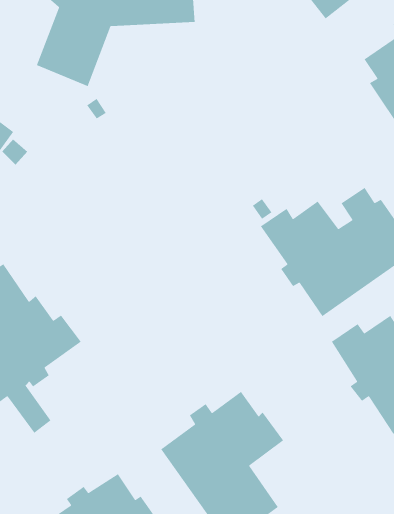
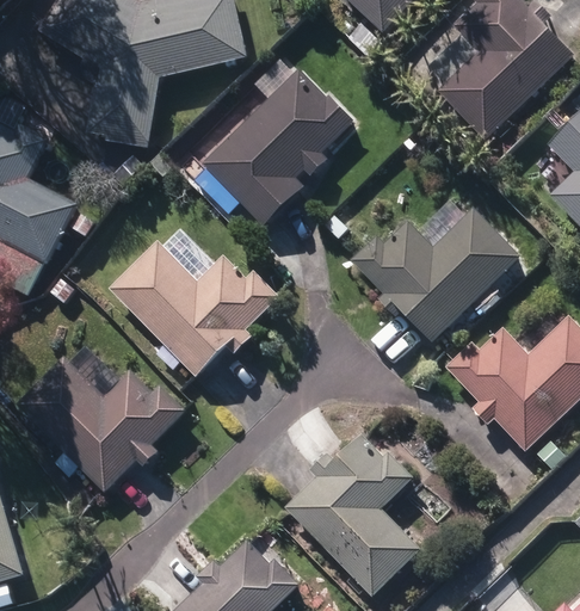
building: none -> [203,69,352,227]
building: none -> [109,228,279,376]

